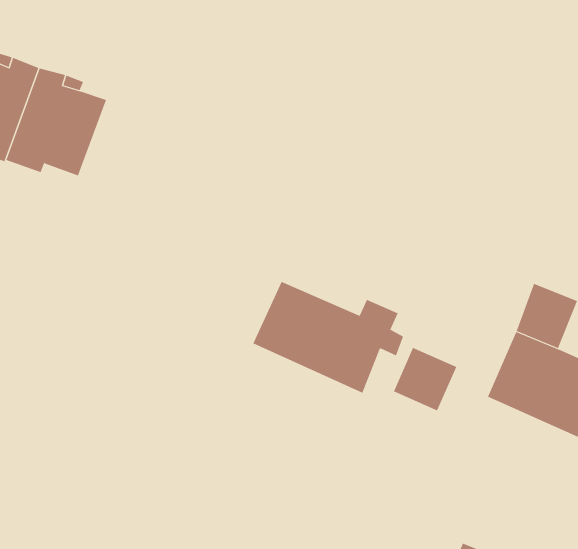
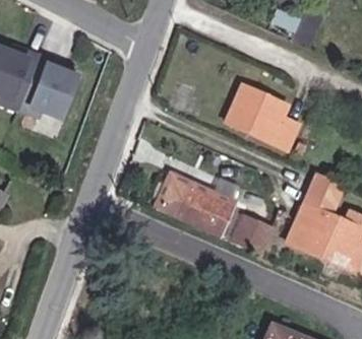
building: none -> [229,82,300,145]

